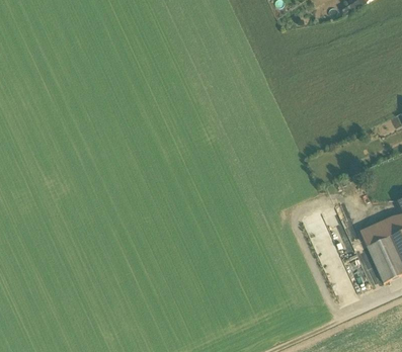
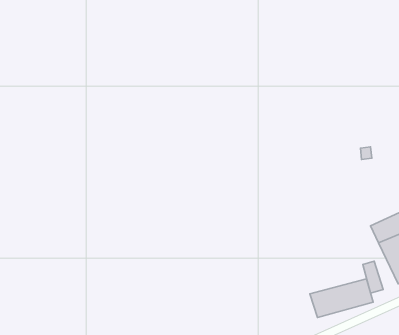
building: none -> [310,279,373,318]

